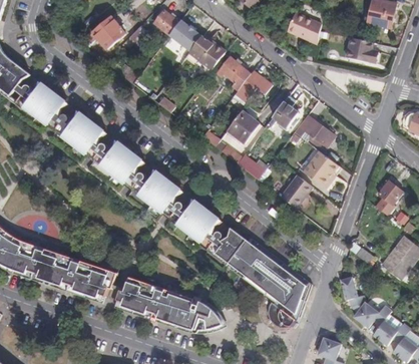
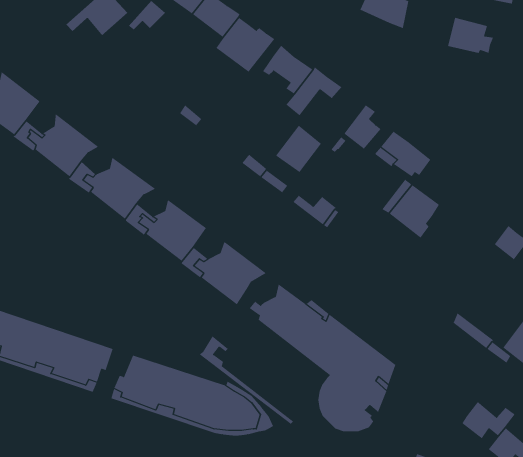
building: [280,175,312,211] -> none
building: [197,226,263,287] -> [199,336,294,424]
building: [340,278,365,313] -> none

